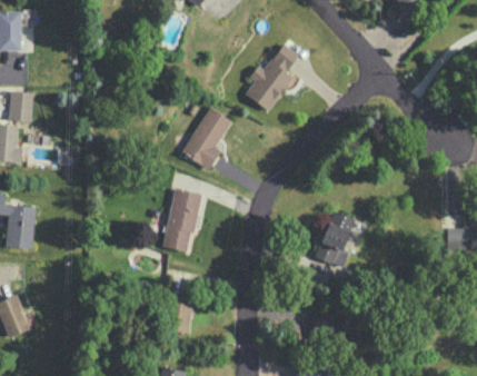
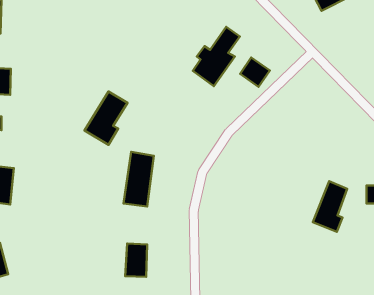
building: none -> [240,58,270,87]
building: [181,108,231,170] -> [85,91,128,145]
building: [315,210,355,269] -> [313,181,347,232]

